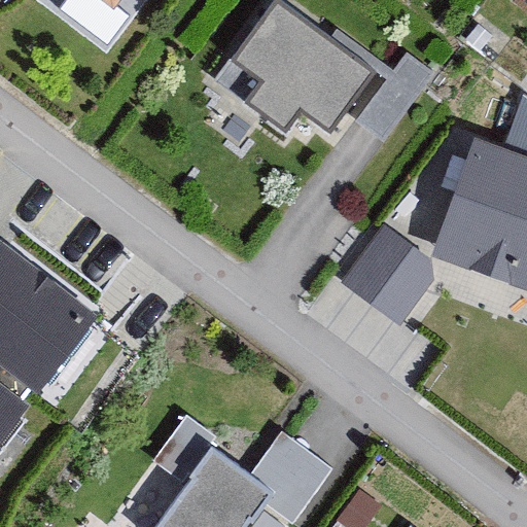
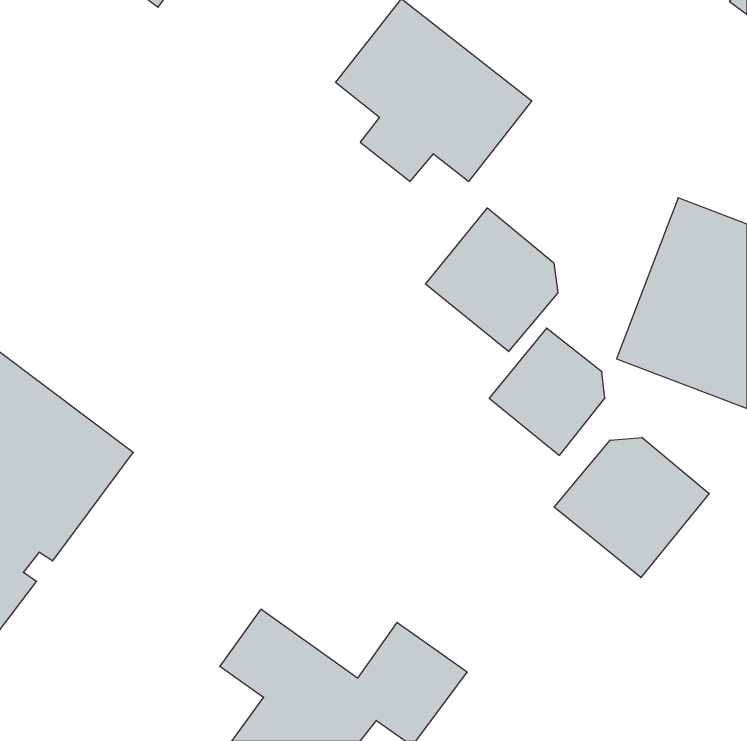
building: none -> [425,208,558,352]
building: none -> [554,437,709,578]

